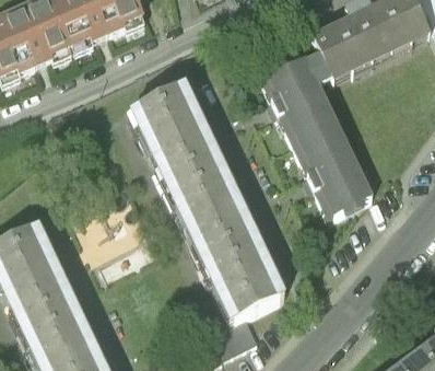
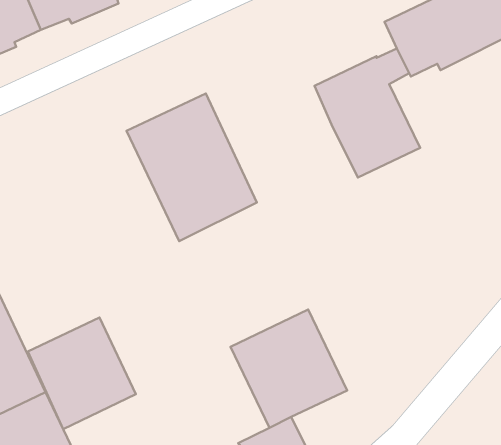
building: [293,125,372,219] -> none
building: [167,163,258,265] -> none
building: none -> [28,318,136,429]

